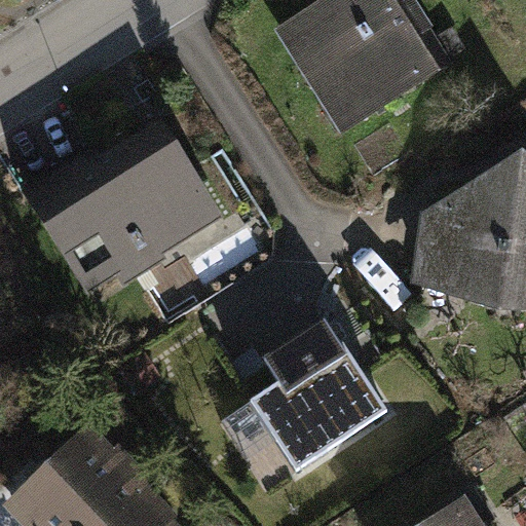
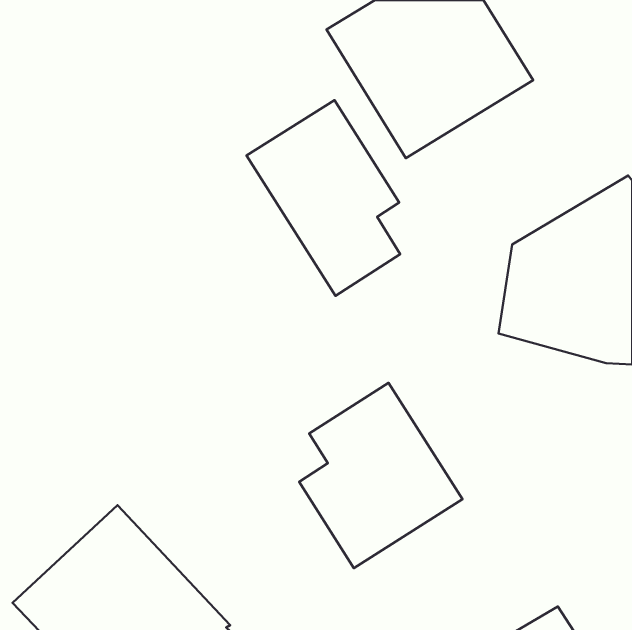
building: none -> [247,100,400,296]
building: [30,114,232,297] -> none

